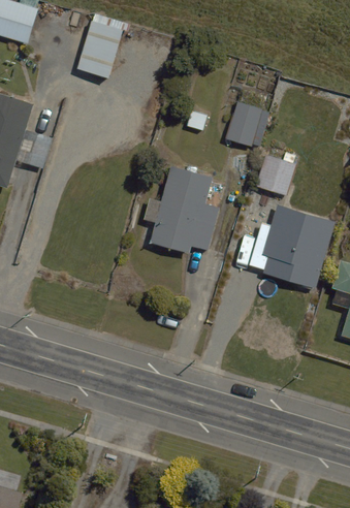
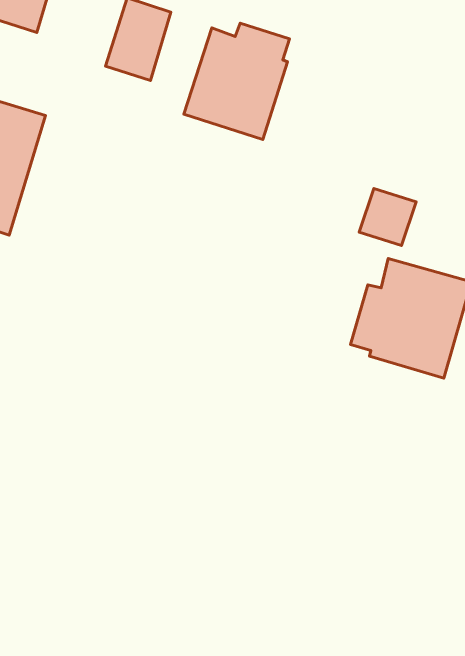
building: none -> [184,23,290,139]
building: [225,101,261,146] -> none
building: [142,166,219,253] -> none

